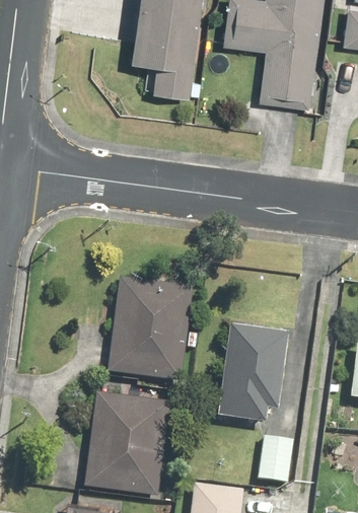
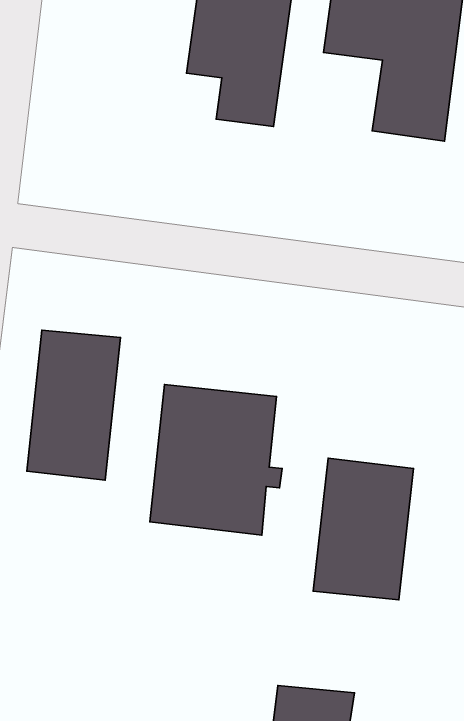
building: none -> [27,330,120,480]
building: [84,393,168,494] -> none
building: [257,430,293,484] -> none

